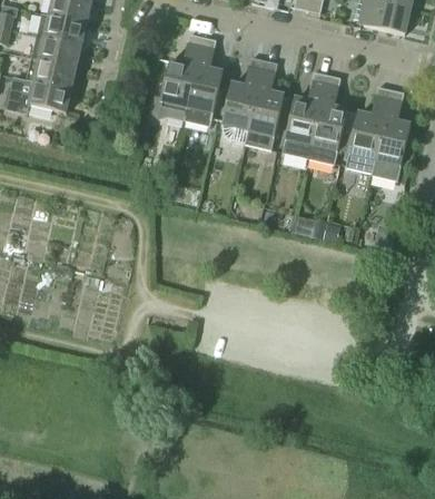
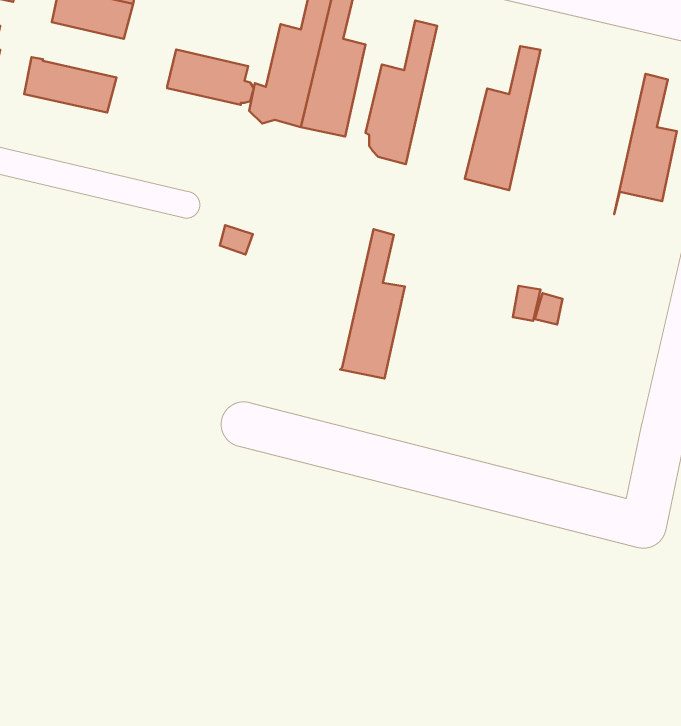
building: [27,57,79,90] -> [167,49,254,105]
building: [245,59,284,149] -> [340,229,405,379]
building: [308,74,347,164] -> none
building: [346,85,390,173] -> none

